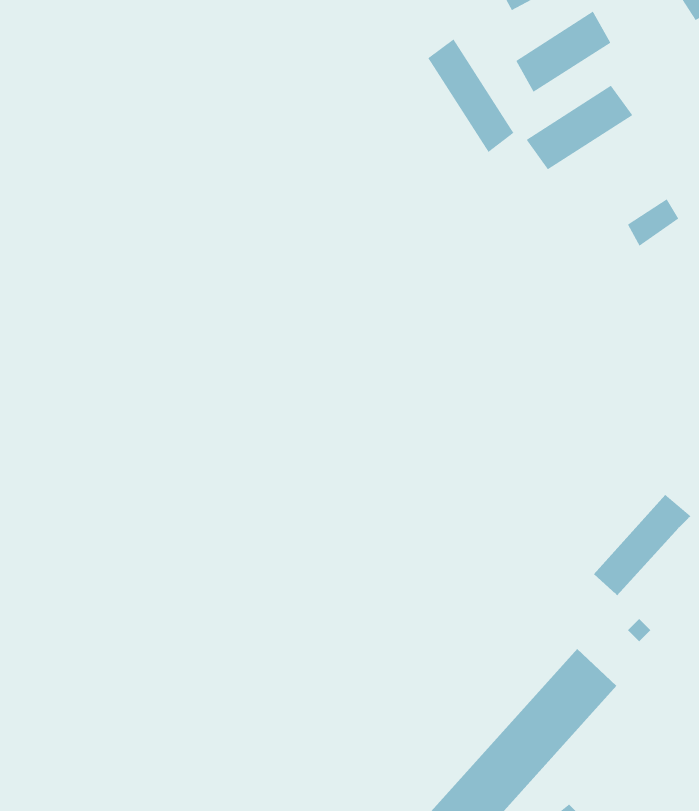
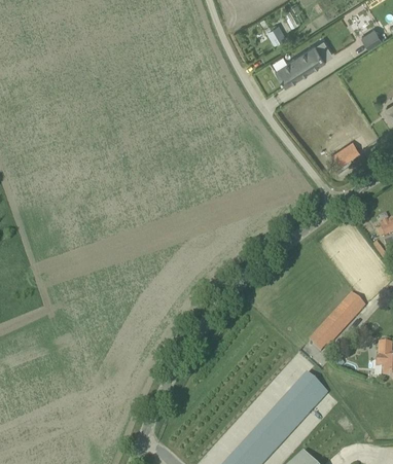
building: [428,38,514,153] -> none
building: [526,85,633,170] -> none

